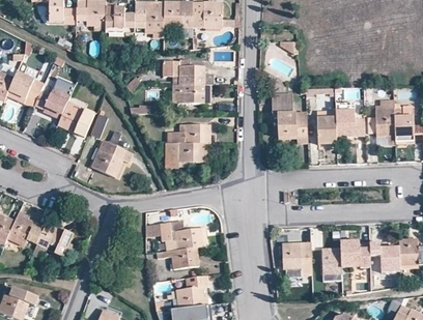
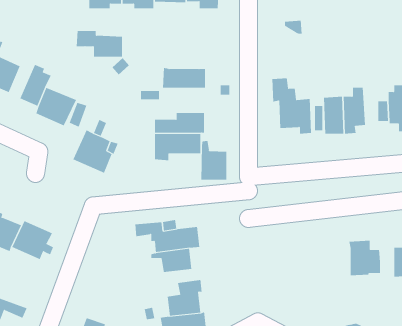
building: [162,61,204,85] -> [76,31,123,57]
building: none -> [201,140,227,180]
building: [281,241,312,279] -> none
building: [320,246,340,274] -> none

